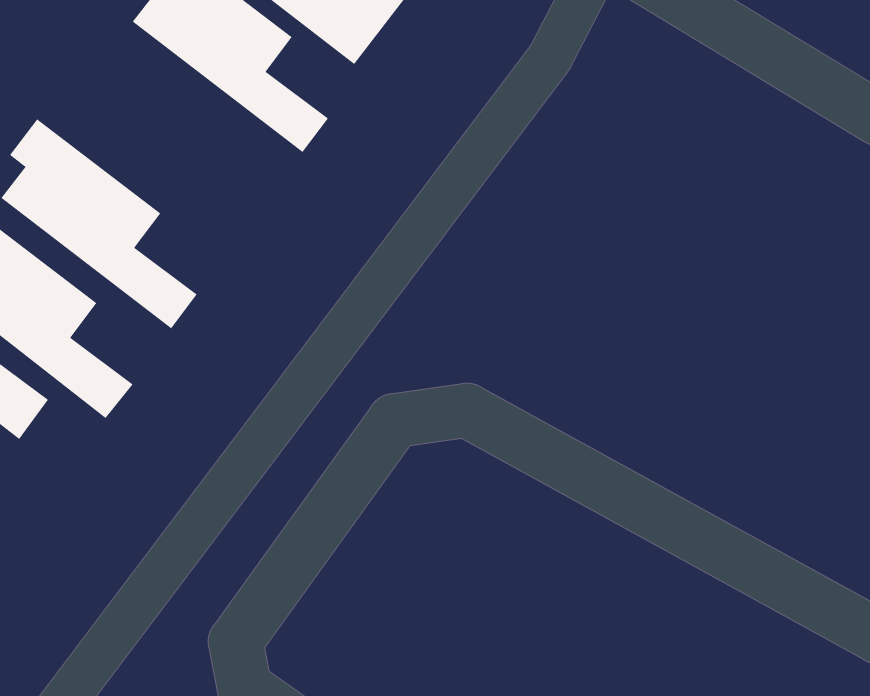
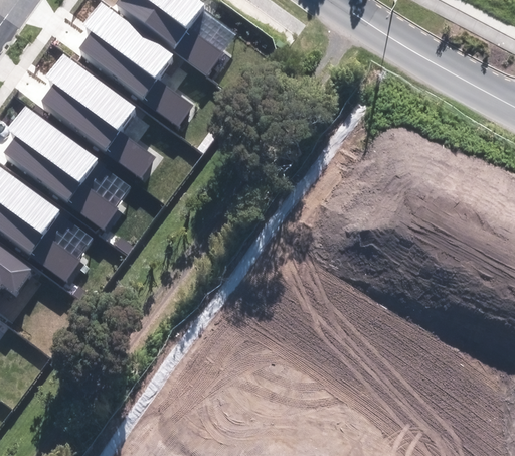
building: none -> [41,54,156,177]

